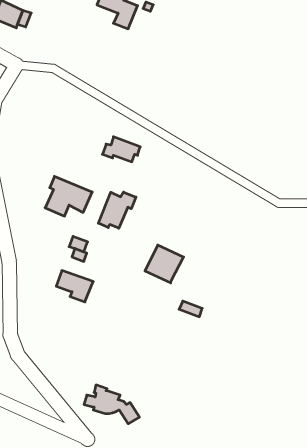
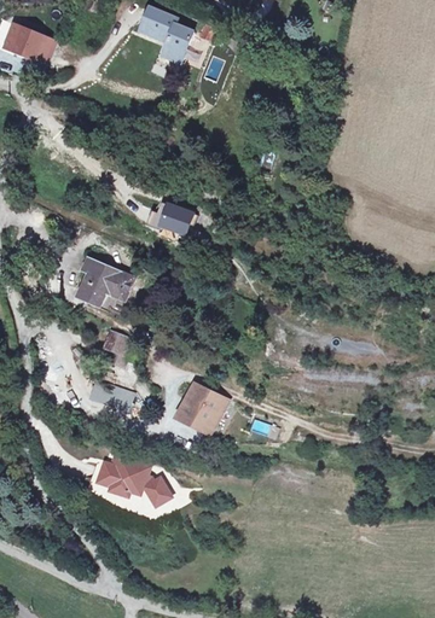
building: [98,192,136,228] -> none
building: [145,245,184,283] -> [176,384,227,433]
building: [84,385,139,424] -> [98,454,170,505]

